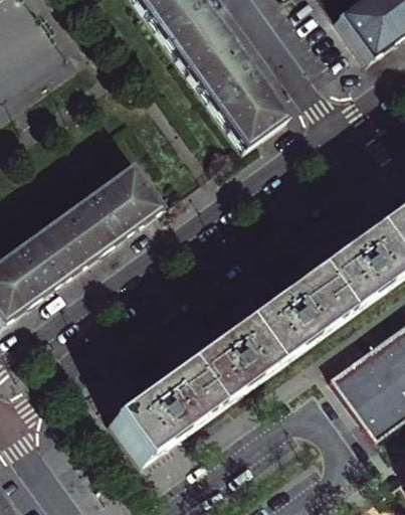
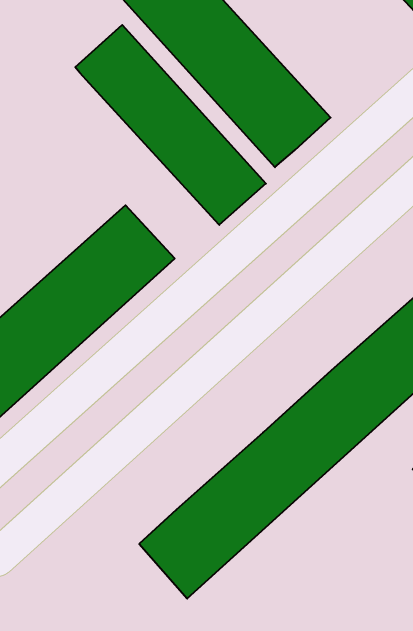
building: none -> [75,25,266,225]

